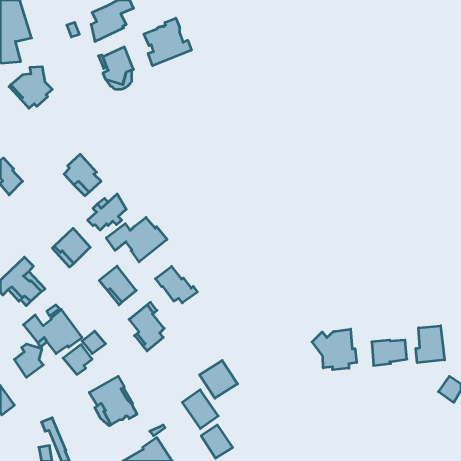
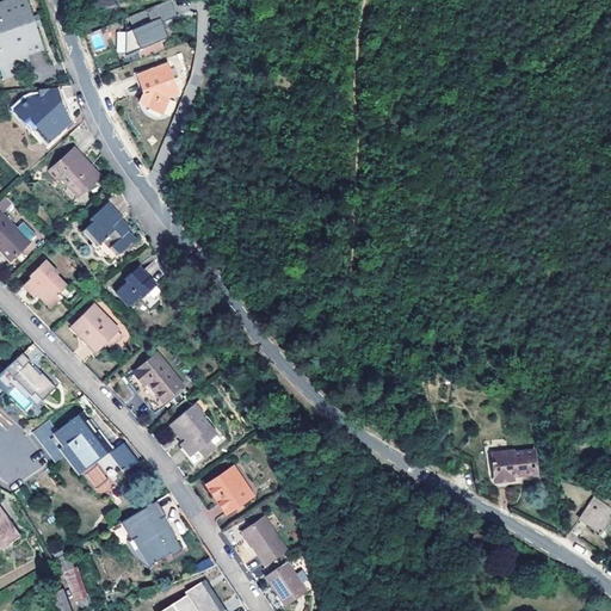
building: [144,18,191,66] -> none
building: none -> [48,149,98,196]
building: none -> [23,259,64,307]
building: [106,217,167,262] -> none
building: [155,266,197,303] -> none
building: [416,326,445,363] -> none
building: [312,329,357,370] -> none
building: [14,344,43,377] -> none
building: [200,360,238,398] -> [205,465,255,516]

